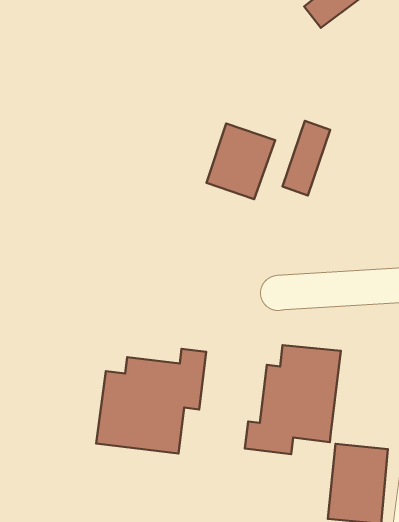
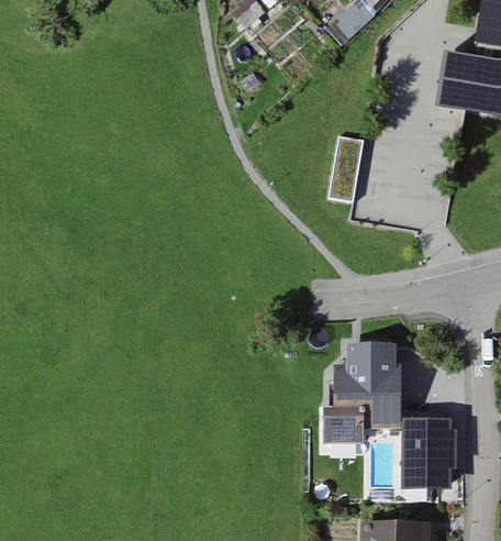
building: [206,123,275,199] -> none
building: [96,349,206,454] -> none

